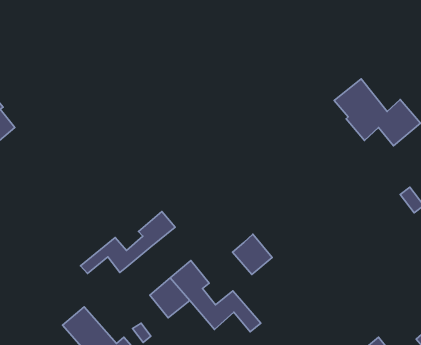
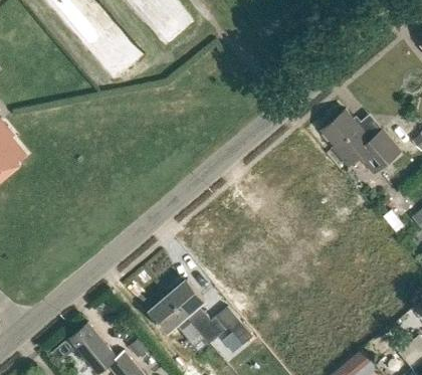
building: [80,212,175,274] -> none
building: [232,234,272,275] -> none

